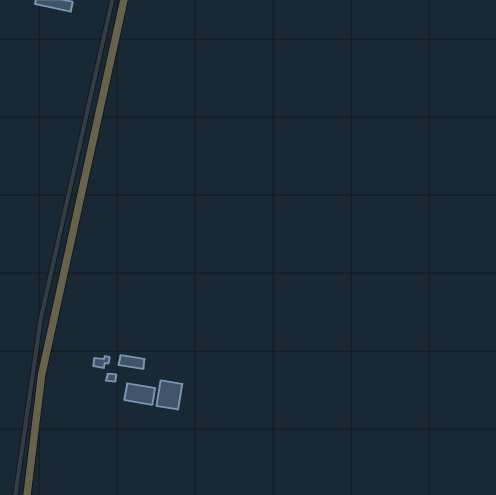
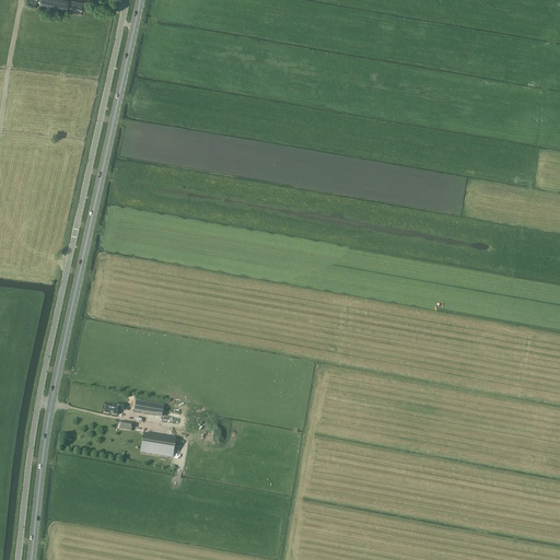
building: [156,380,182,410] -> none

